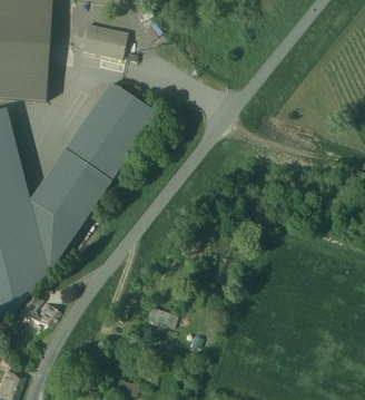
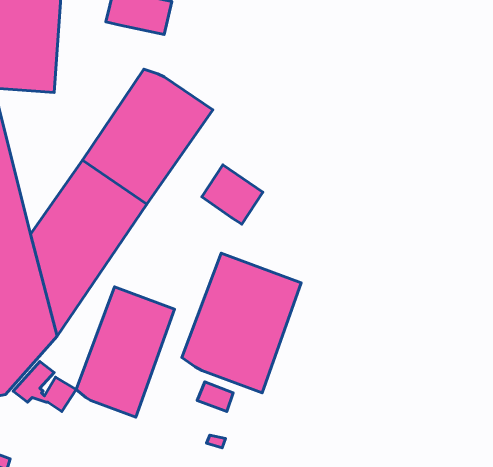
building: none -> [202,165,263,224]
building: none -> [182,253,301,393]
building: none -> [76,287,175,417]

